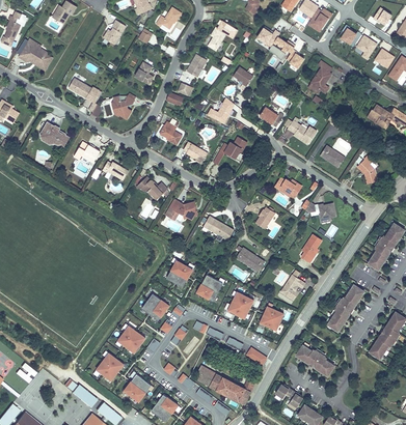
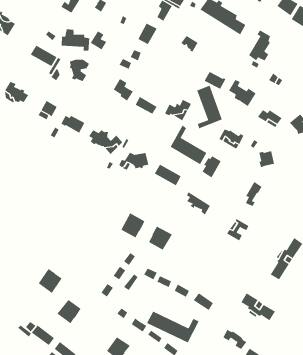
building: none -> [61,29,90,51]
building: none -> [197,85,222,129]
building: none -> [170,125,207,165]
building: [228,292,256,320] -> none
building: [142,294,169,322] -> none
building: [261,307,287,333] -> none
building: [118,328,145,356] -> [38,268,63,294]
building: [125,375,152,403] -> none

